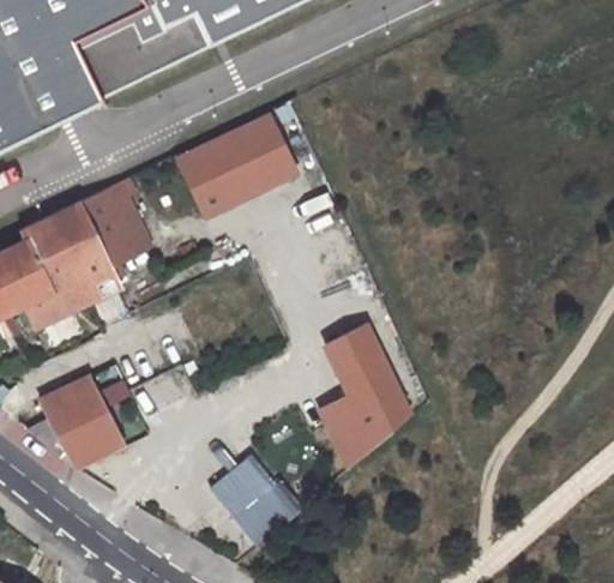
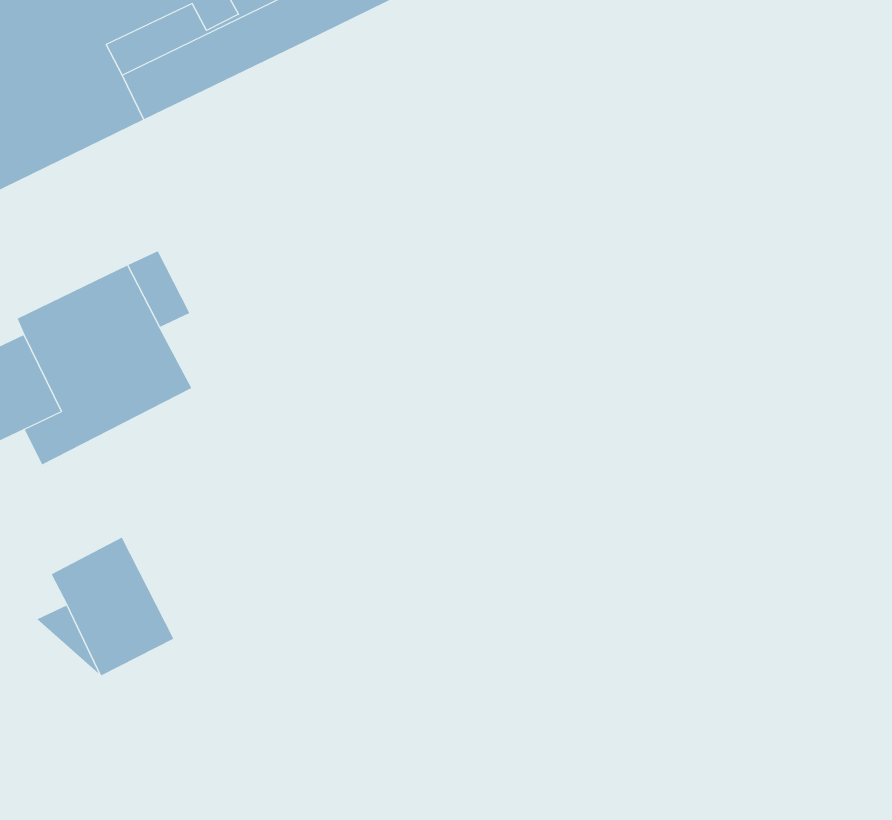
building: [180,115,291,209] -> none
building: [326,325,414,468] -> none
building: [218,458,299,541] -> none

